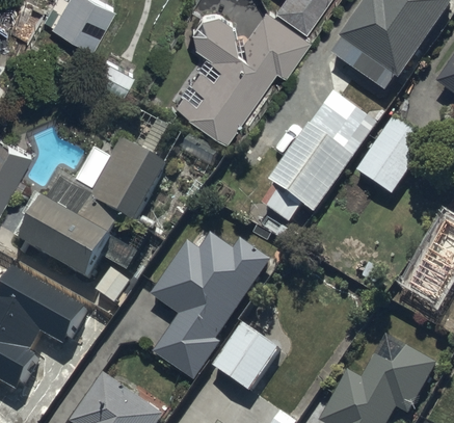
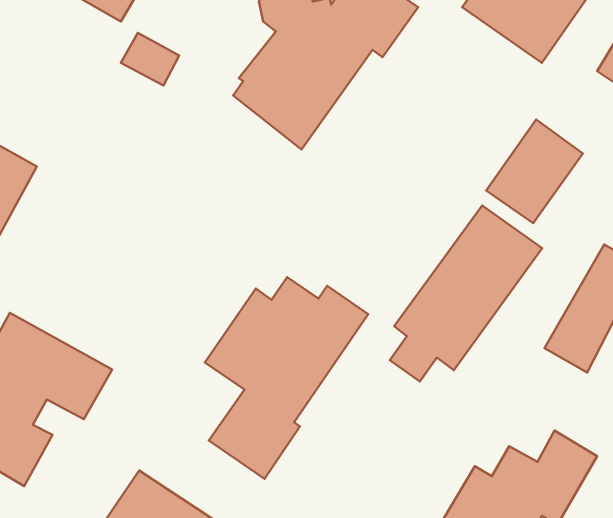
building: [266,94,377,222] -> [390,205,542,382]
building: [23,138,165,283] -> none
building: [212,324,278,393] -> none

